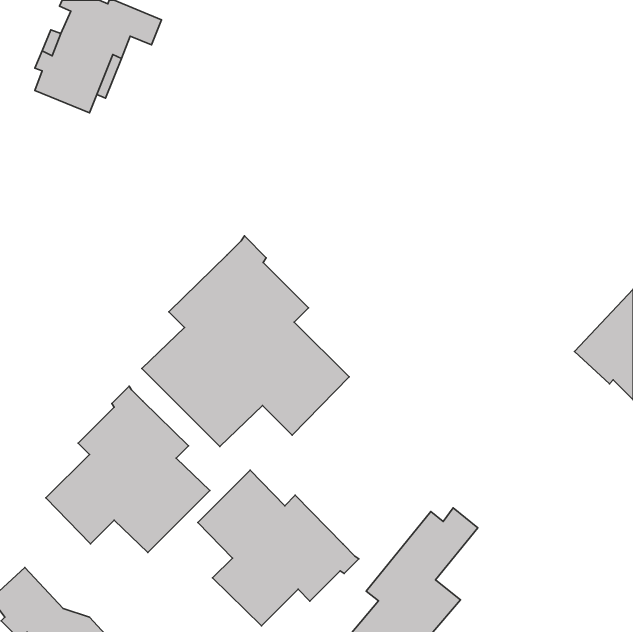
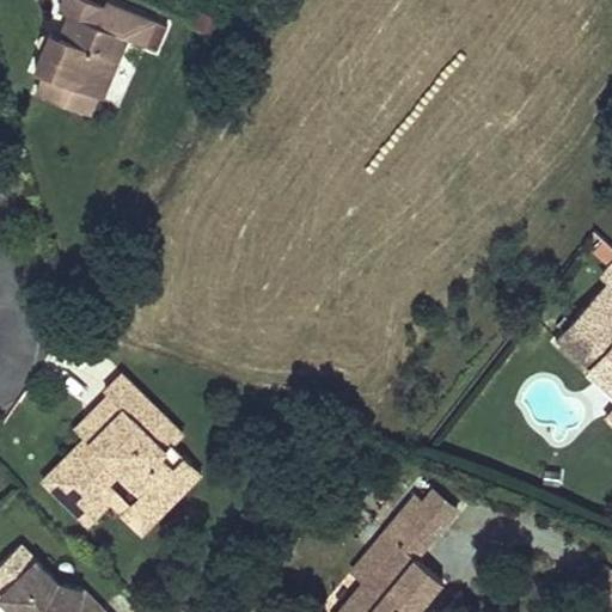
building: [142,236,349,447] -> none
building: [198,470,359,626] -> none

